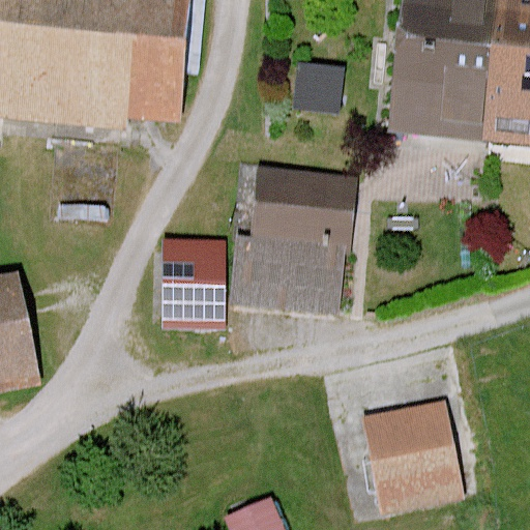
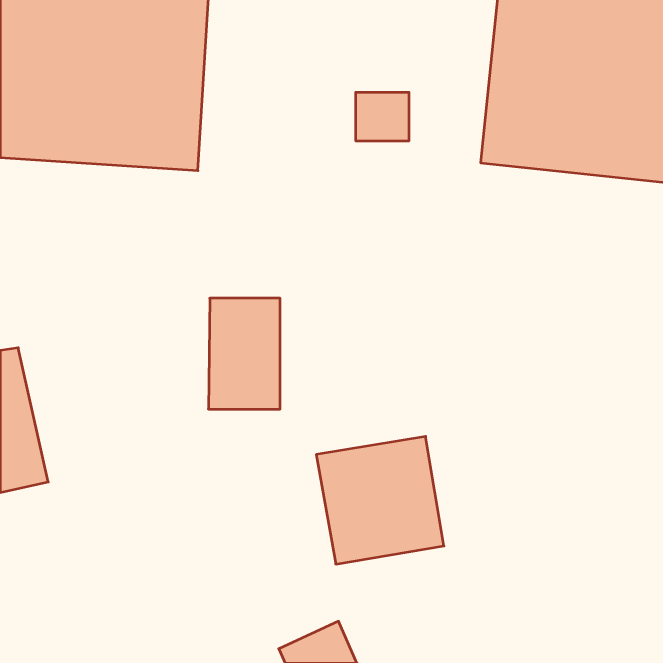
building: [238,165,355,310] -> none
building: [361,403,463,504] -> [316,436,444,564]

